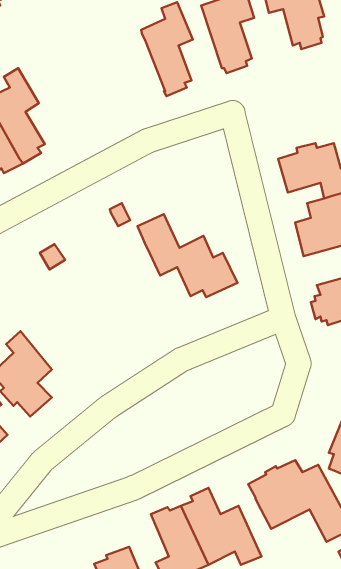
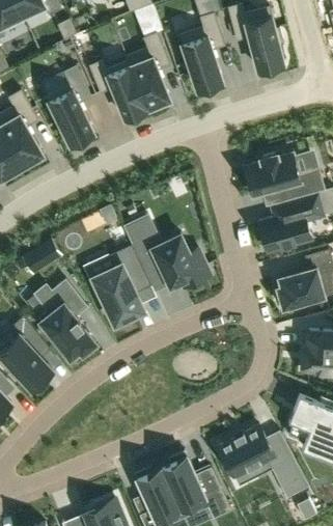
building: none -> [89,60,147,118]
building: none -> [47,66,93,147]
building: none -> [92,245,150,325]
building: none -> [37,281,95,359]

